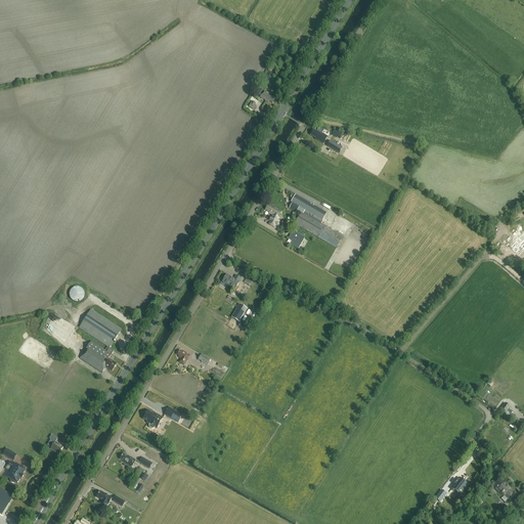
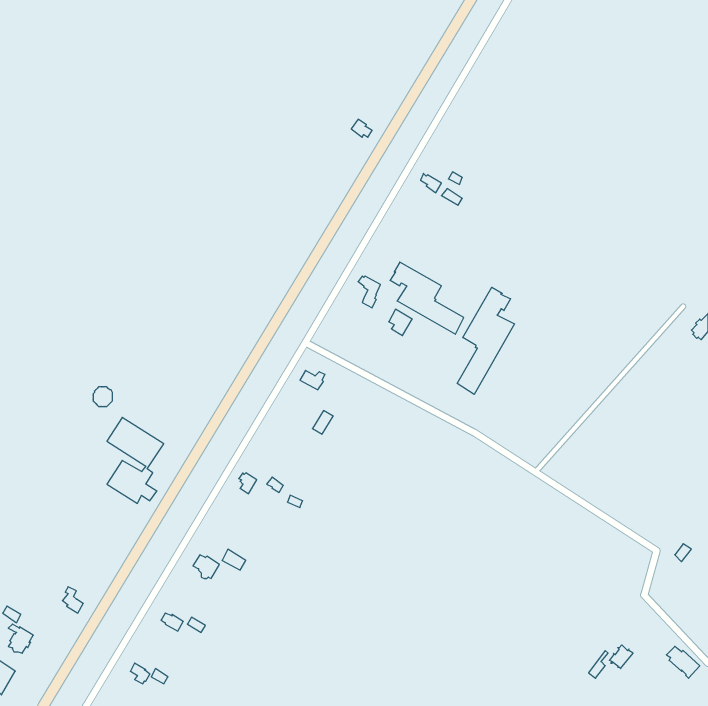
building: none -> [457,287,514,394]

